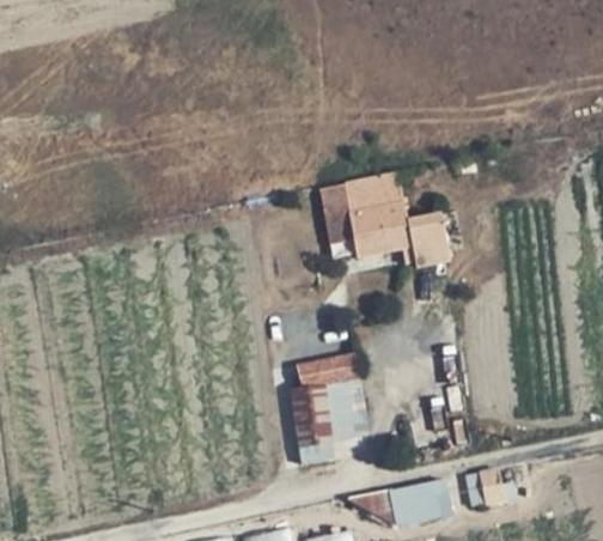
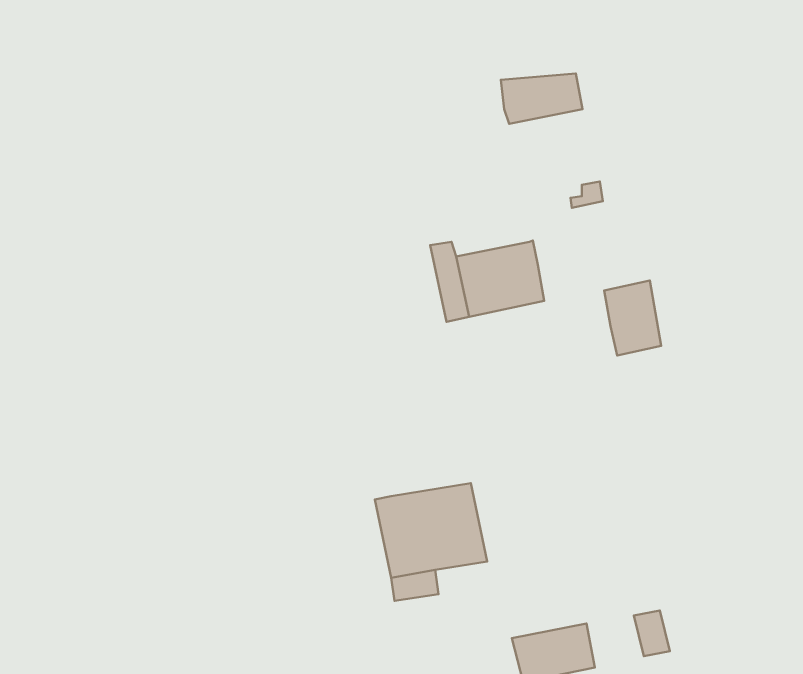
building: [340,177,400,214] -> [501,73,582,124]
building: [406,213,447,268] -> [604,281,661,356]
building: [293,357,357,390] -> none

